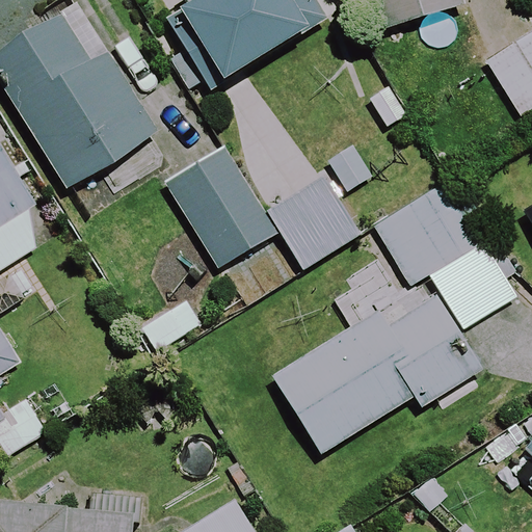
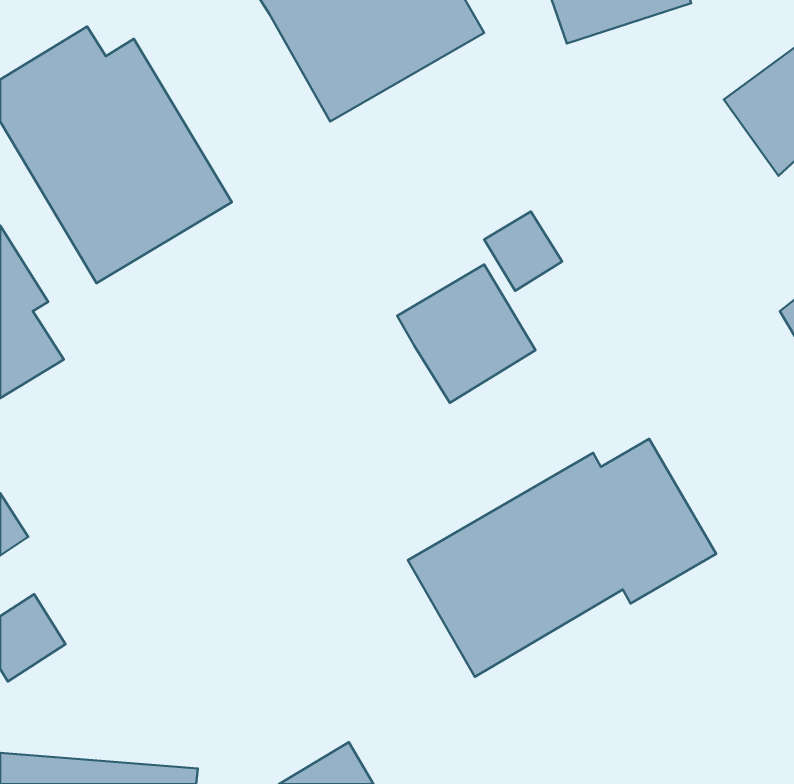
building: [164,147,274,268] -> none
building: [373,177,511,297] -> none

